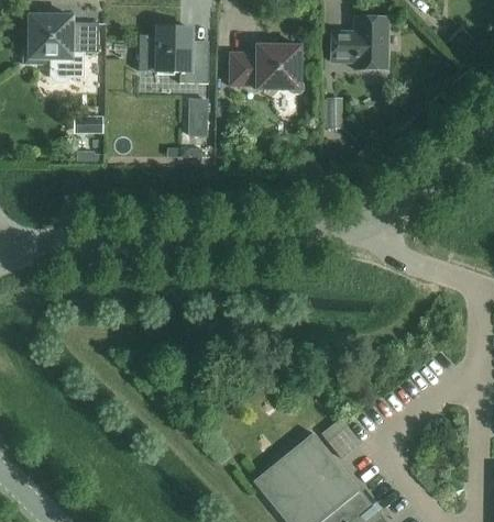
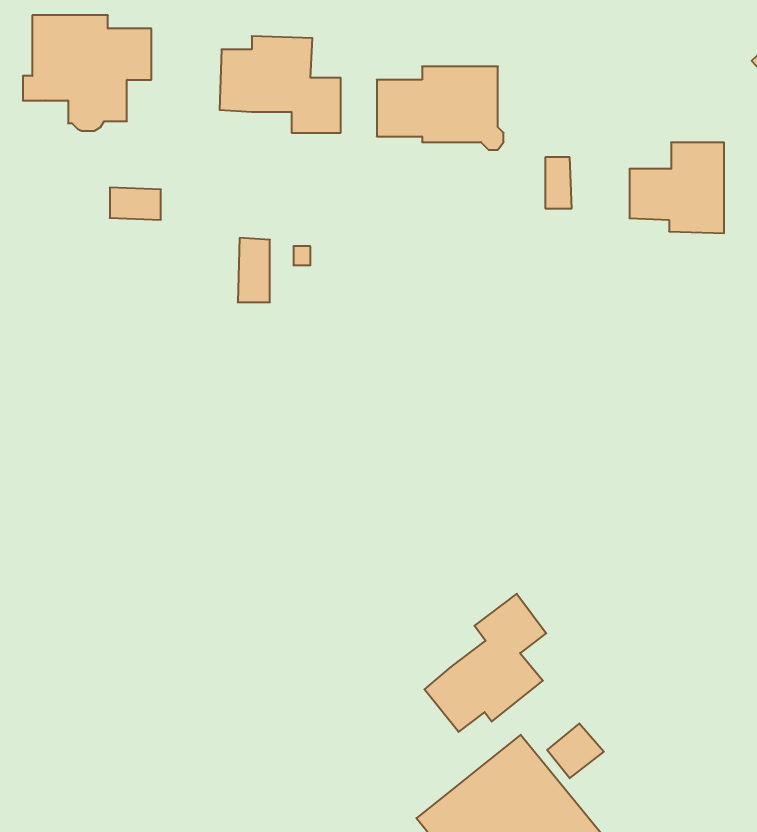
building: [331,15,386,68] -> [629,142,724,233]
building: [189,96,208,133] -> [238,238,270,302]
building: none -> [424,594,546,732]

